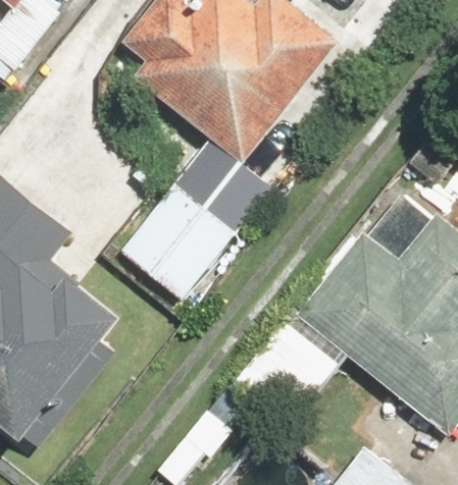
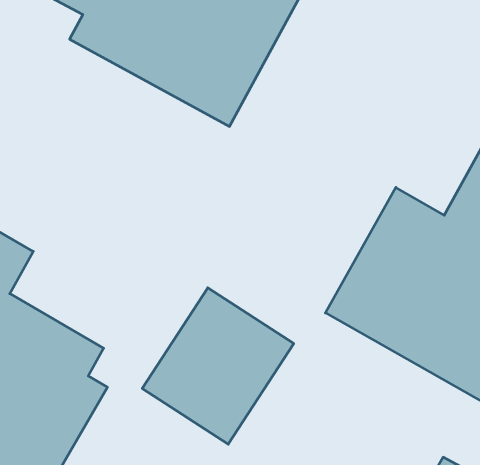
building: [115,181,238,305] -> [142,288,294,444]

